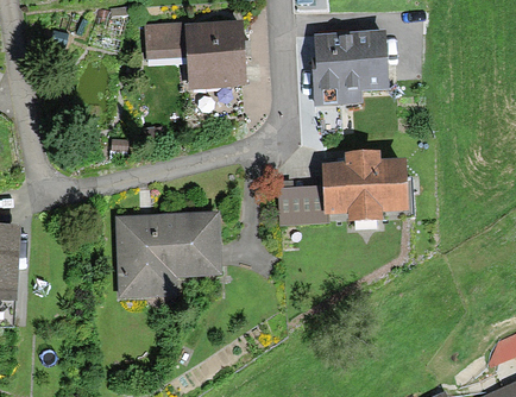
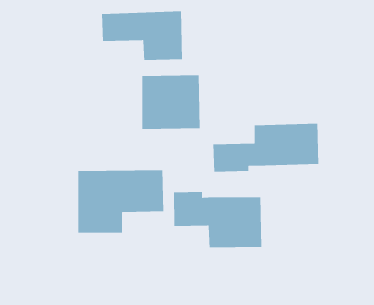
building: [320,34,391,101] -> [141,75,201,130]
building: none -> [173,191,262,248]

